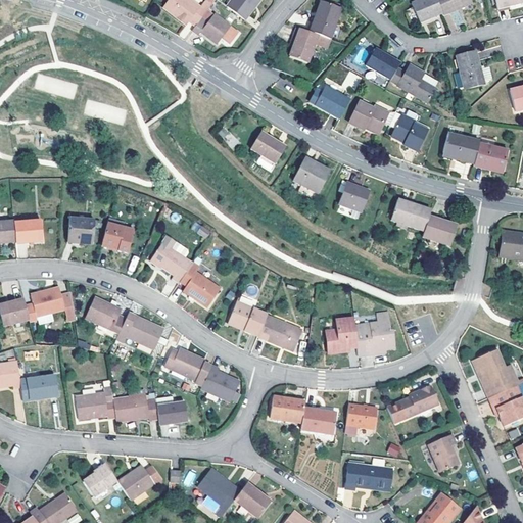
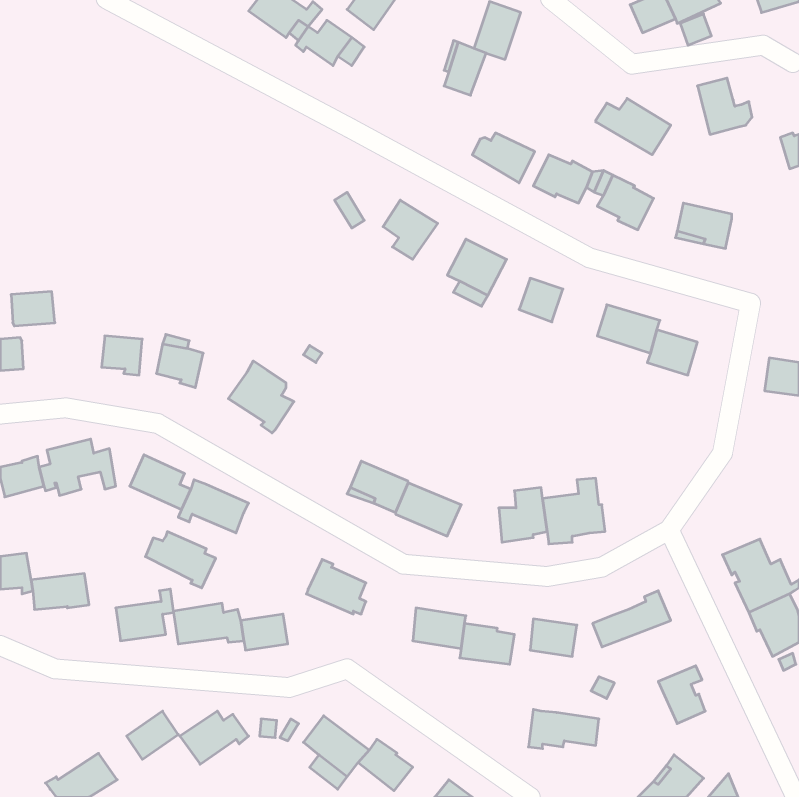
building: [366,48,399,79] -> none
building: [473,143,508,169] -> none
building: [14,221,43,243] -> [11,292,55,326]
building: [180,263,220,306] -> none
building: [164,348,210,385] -> [145,532,216,588]

